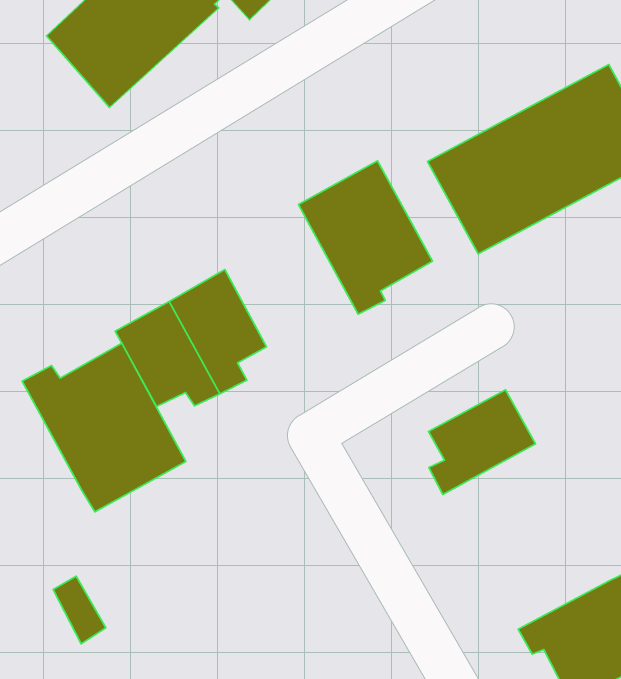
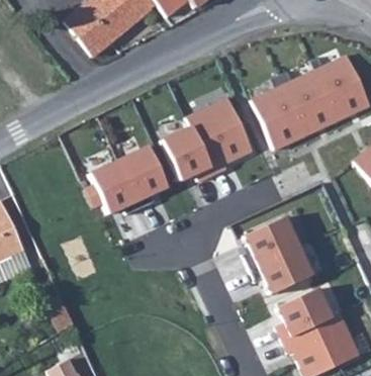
building: none -> [163,125,214,180]
building: [22,343,186,512] -> none
building: none -> [251,246,312,294]
building: none -> [278,287,332,339]

